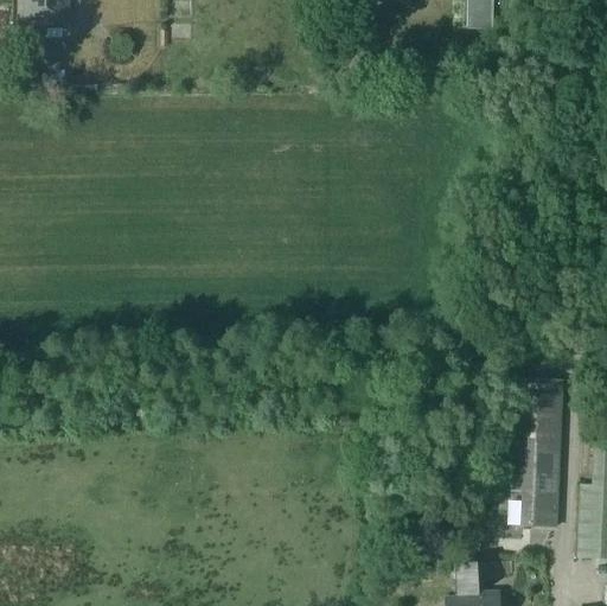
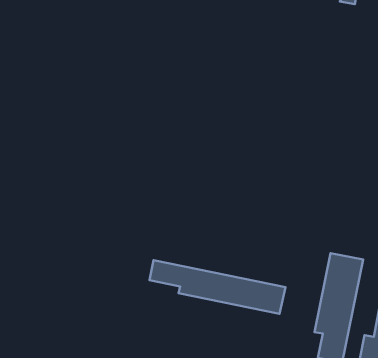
building: none -> [149,260,286,314]

